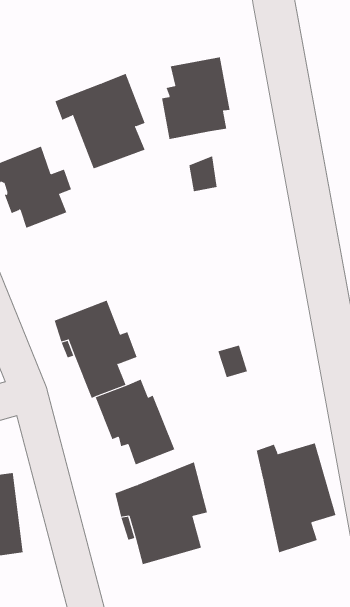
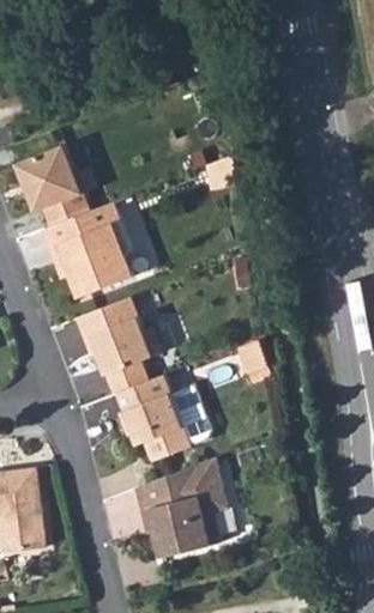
building: [161,56,230,140] -> none
building: [54,73,146,169] -> [41,201,131,296]
building: [256,442,336,553] -> none

